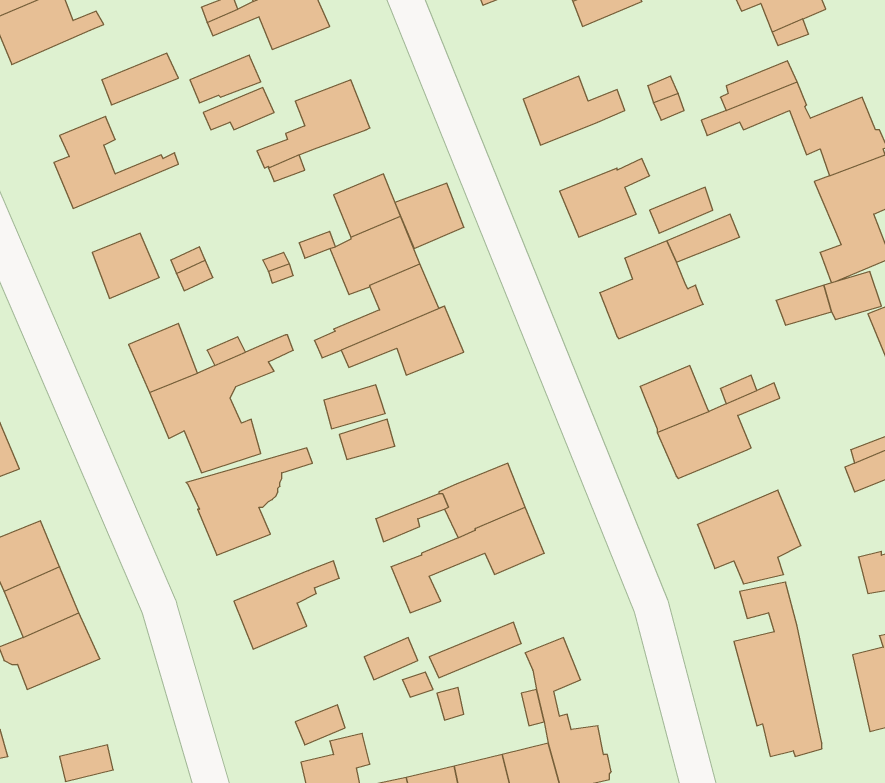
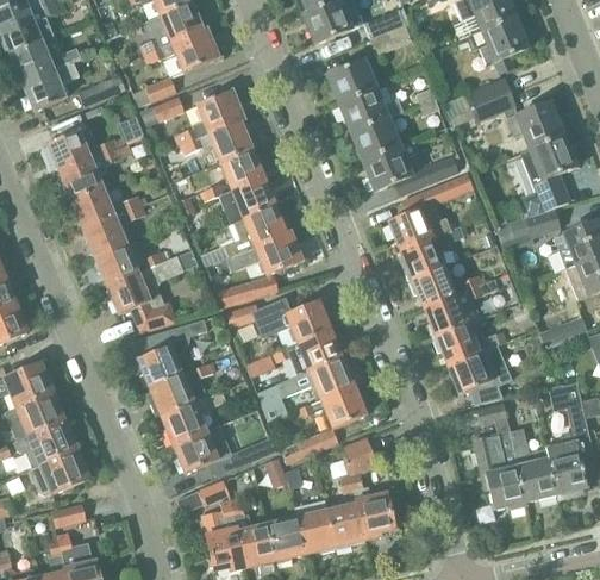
building: none -> [21,60,75,110]
building: none -> [327,60,374,102]
building: none -> [350,117,398,160]
building: none -> [60,143,132,198]
building: [395,183,464,248] -> [210,121,252,162]
building: none -> [82,213,125,255]
building: none -> [399,226,464,281]
building: none -> [257,300,330,342]
building: none -> [436,320,508,367]
building: none -> [149,360,215,414]
building: none -> [292,385,364,428]
building: none -> [171,424,230,473]
building: none -> [510,428,555,503]
building: none -> [30,450,88,498]

